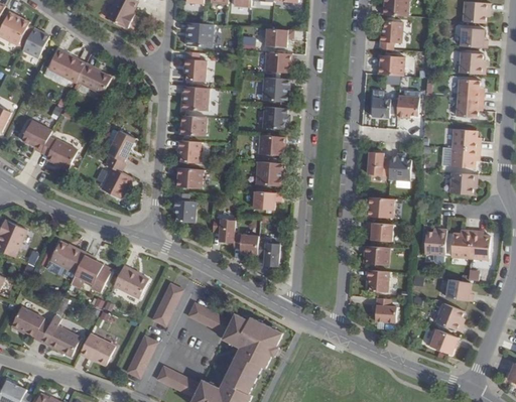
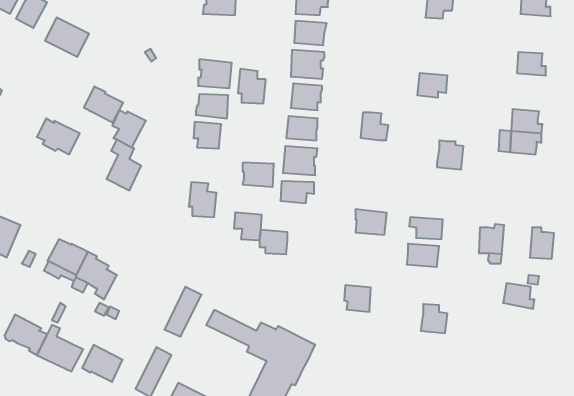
building: [182,50,207,81] -> [238,69,266,104]
building: [459,51,485,74] -> none
building: [376,54,405,76] -> none
building: [77,62,111,94] -> [84,86,123,122]
building: [396,94,419,118] -> none
building: [457,97,483,117] -> none
building: [21,120,51,152] -> none
building: [366,151,390,175] -> [361,112,388,140]
building: [175,167,203,188] -> [243,163,274,187]
building: [449,172,477,194] -> none
building: [367,195,394,218] -> [355,209,387,235]
building: [450,230,471,257] -> none
building: [257,242,280,266] -> none
building: [113,265,148,297] -> none
building: [366,269,389,292] -> [344,285,371,312]
building: [435,302,464,330] -> none
building: [427,327,458,354] -> none

